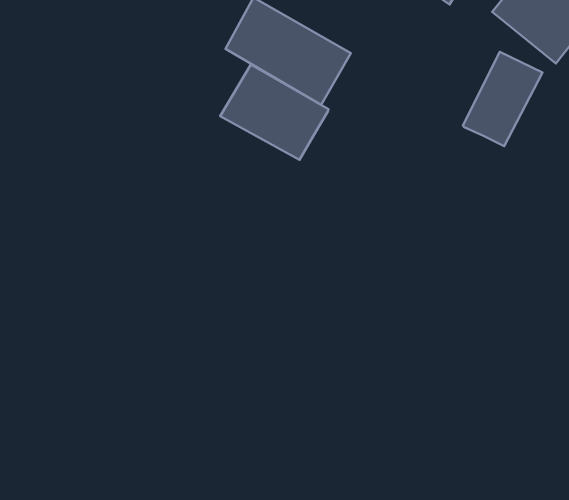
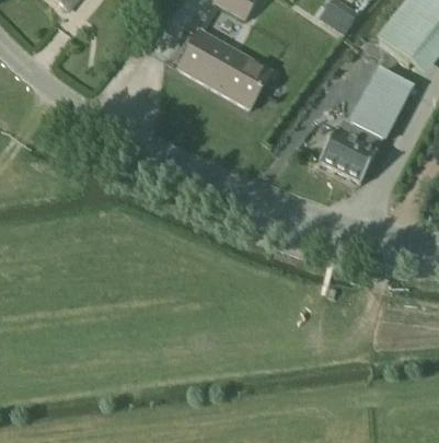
building: [220,64,329,160] -> none
building: none -> [317,117,382,182]

